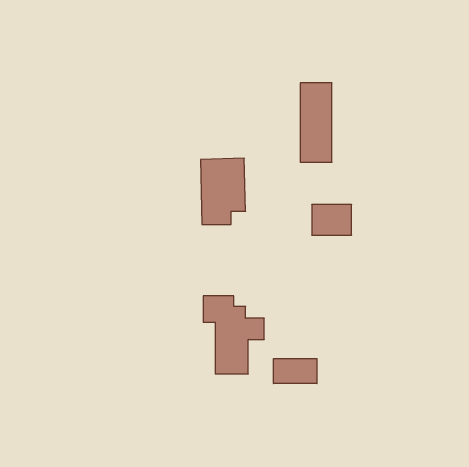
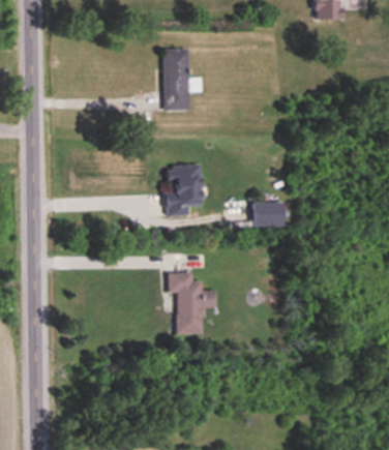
building: [300,83,332,162] -> [164,49,189,111]
building: [274,359,317,384] -> none

